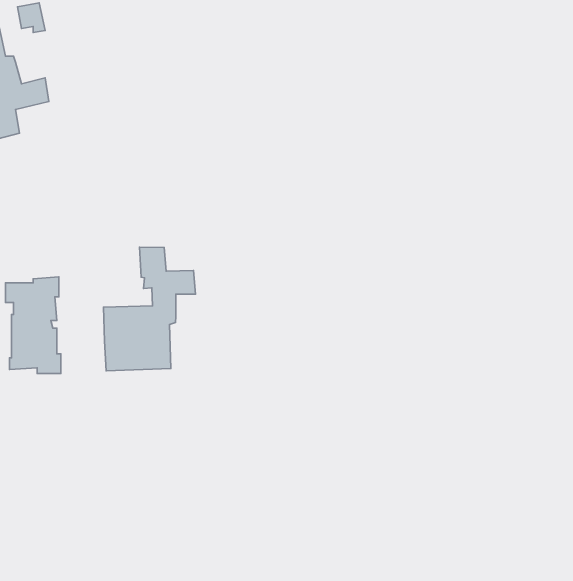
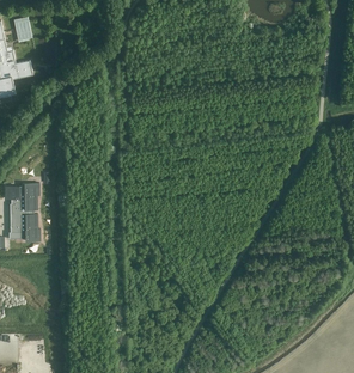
building: [104,247,196,371] -> none

